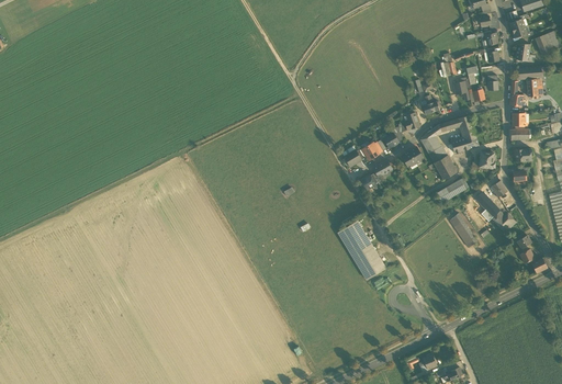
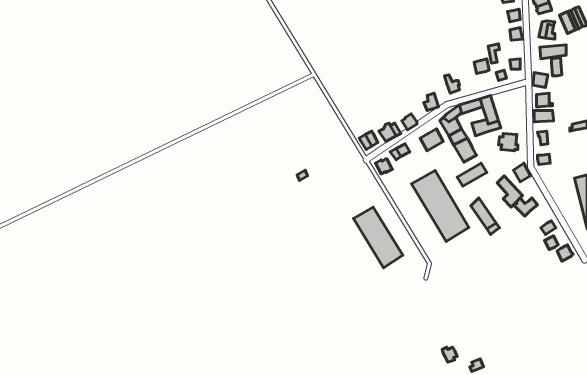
building: none -> [411,171,469,241]

